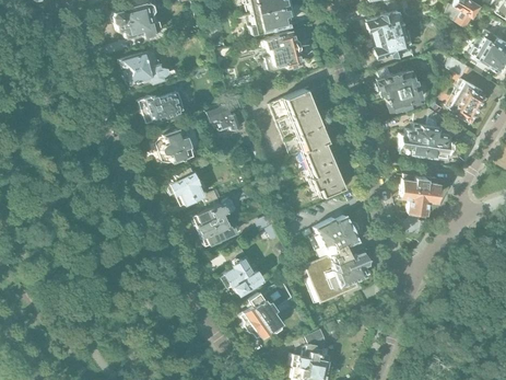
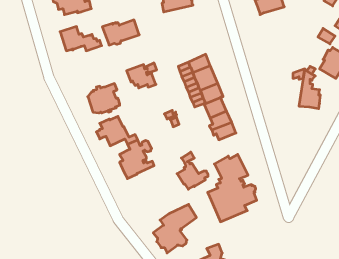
building: [377,30,412,57] -> none
building: [267,32,305,73] -> none
building: [377,69,424,112] -> none
building: [140,93,187,125] -> [102,20,139,45]
building: [401,123,429,156] -> none
building: [403,163,440,217] -> none
building: [225,247,264,295] -> [177,152,208,189]

